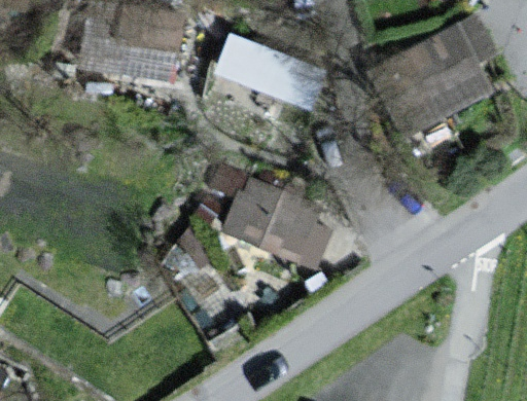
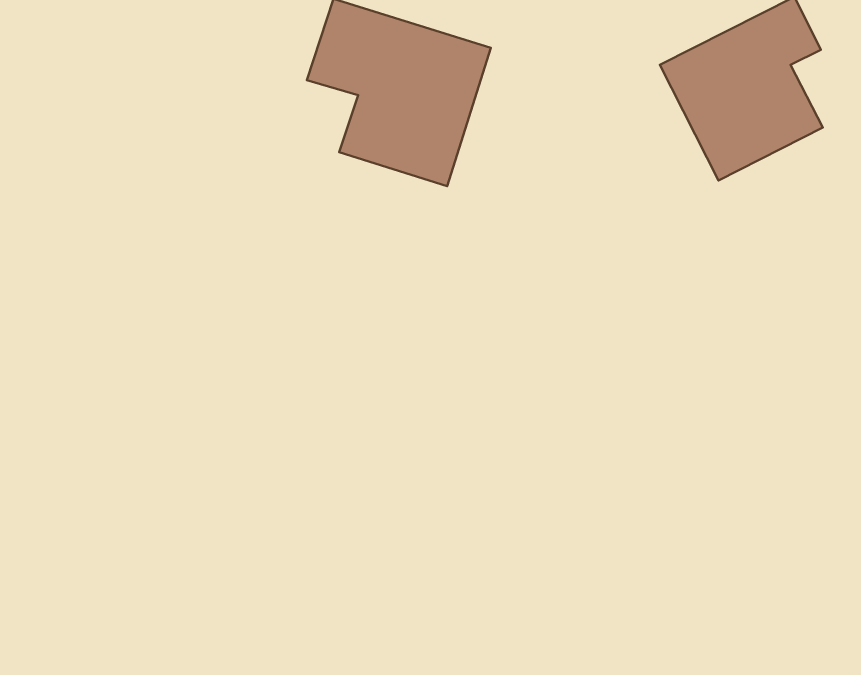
building: [230,184,317,259] -> none

